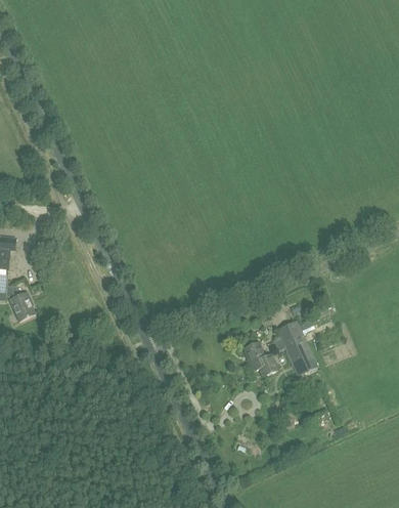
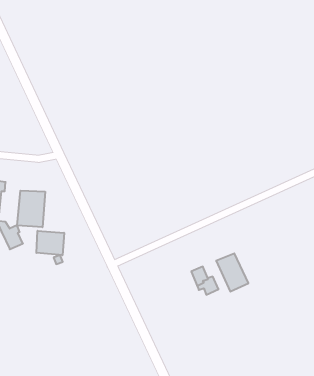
building: none -> [17,191,45,227]
building: none -> [36,231,64,255]

